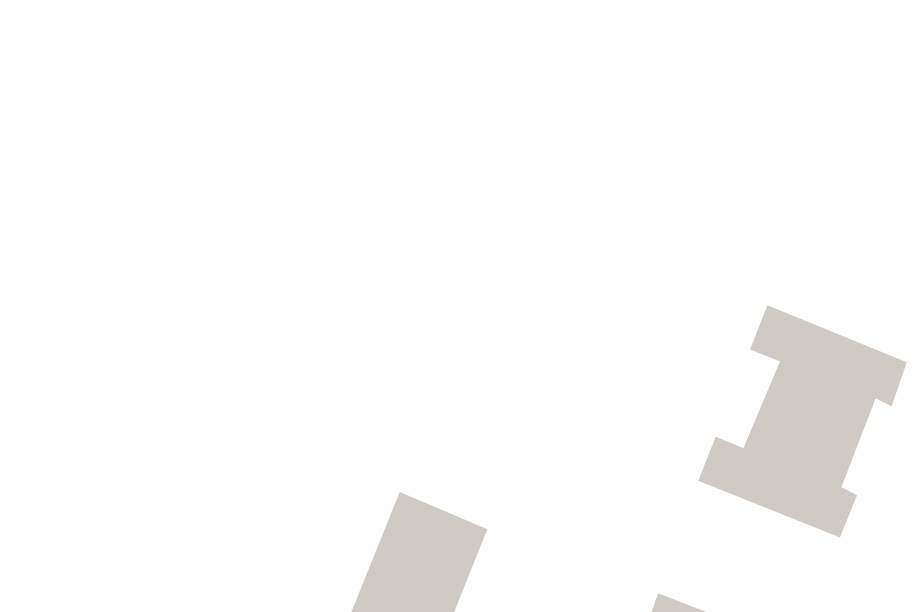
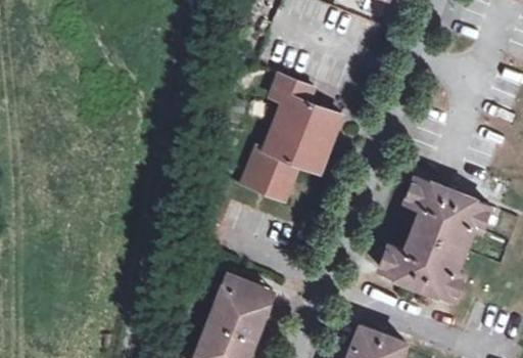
building: none -> [240,72,340,198]

